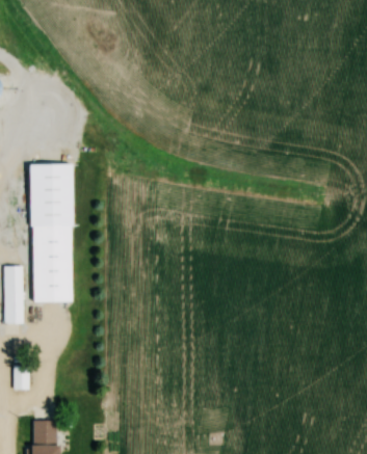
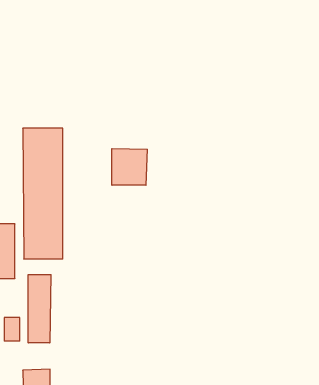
building: none -> [112,149,147,185]
building: none -> [28,275,51,343]

